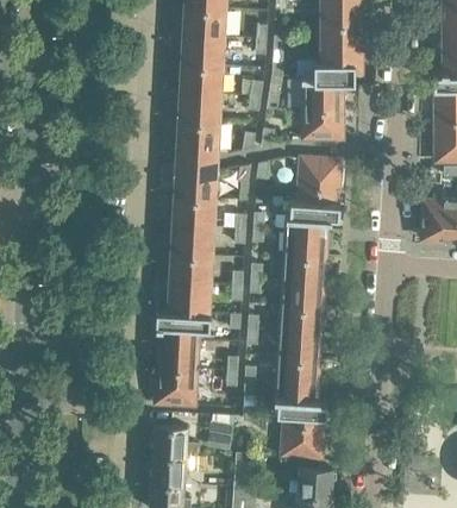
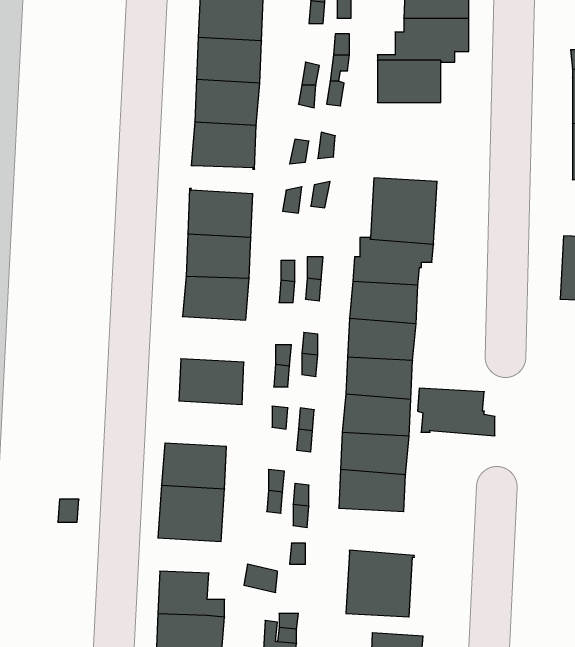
building: [301,108,344,139] -> none
building: [168,253,212,284] -> none
building: [155,309,209,341] -> none
building: [274,383,326,415] -> [418,388,495,436]

